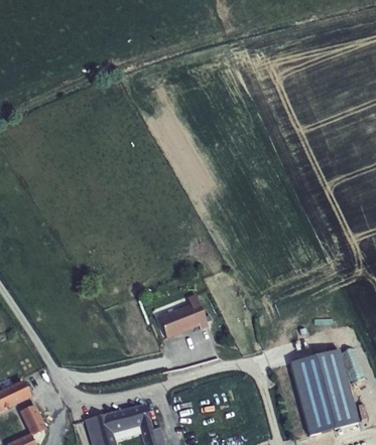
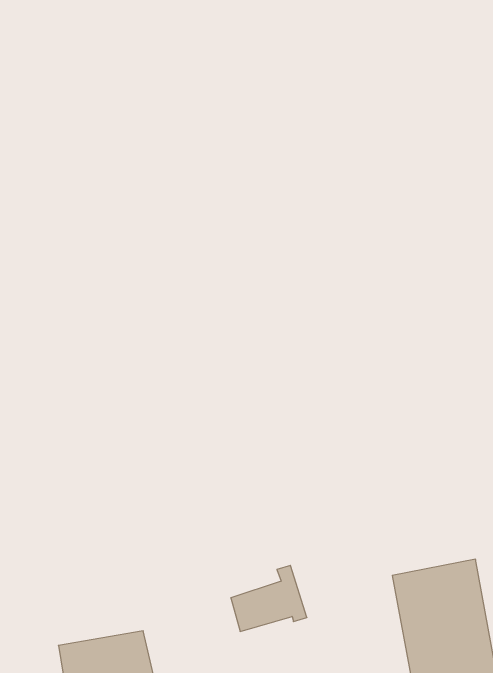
building: [158,294,206,336] -> [231,565,307,631]

